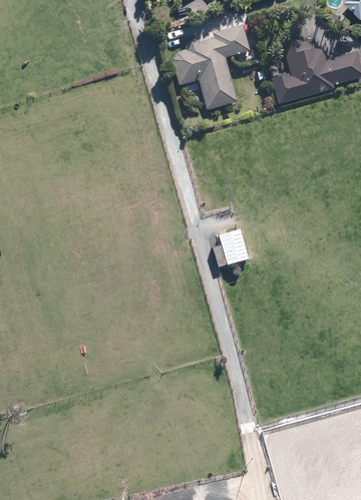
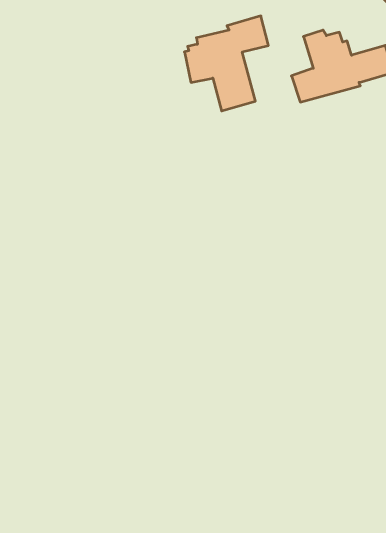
building: [218,227,249,265] -> none

